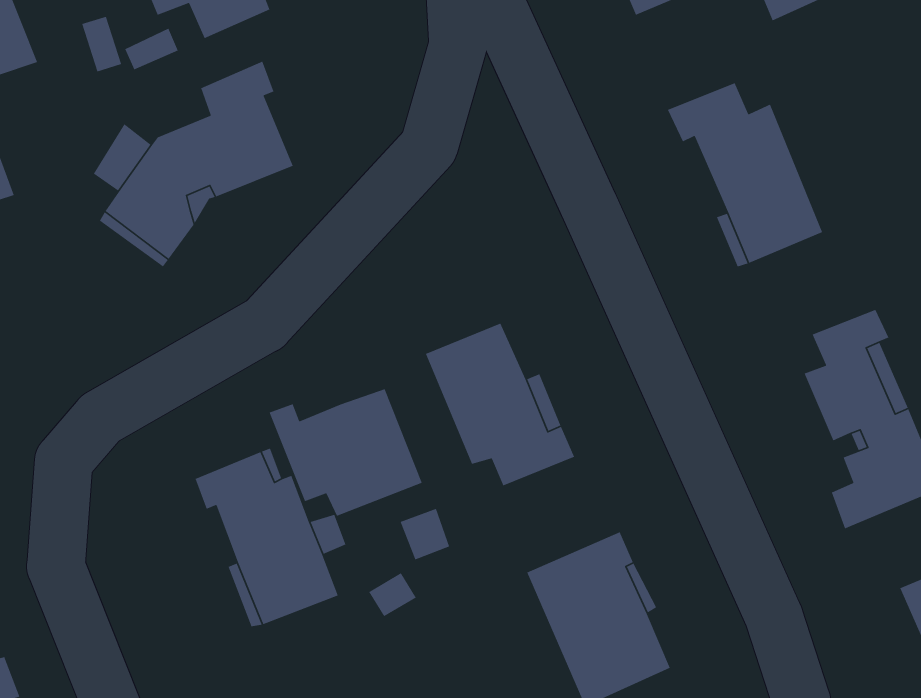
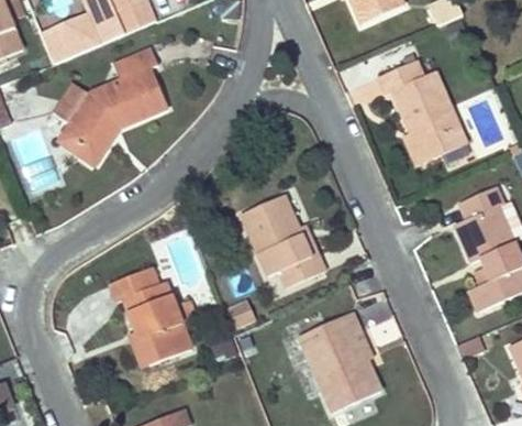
building: [268,388,423,517] -> none

